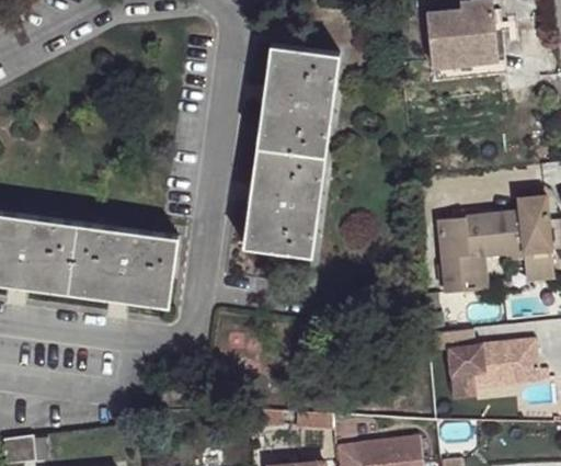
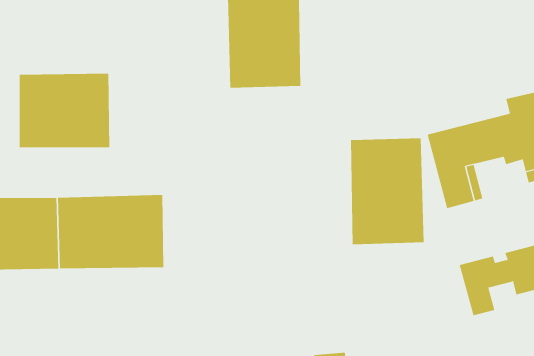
building: none -> [19,73,110,148]
building: [243,146,325,254] -> [350,138,424,245]

